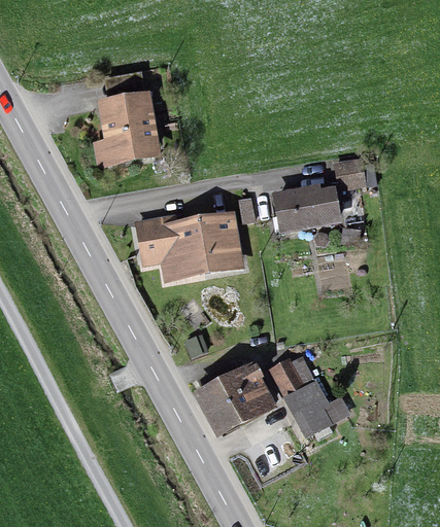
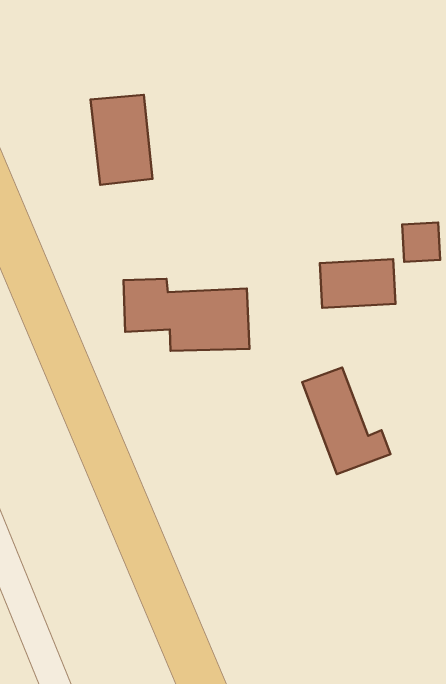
building: [275,358,344,435] -> [302,368,390,474]
building: [197,360,269,432] -> none

